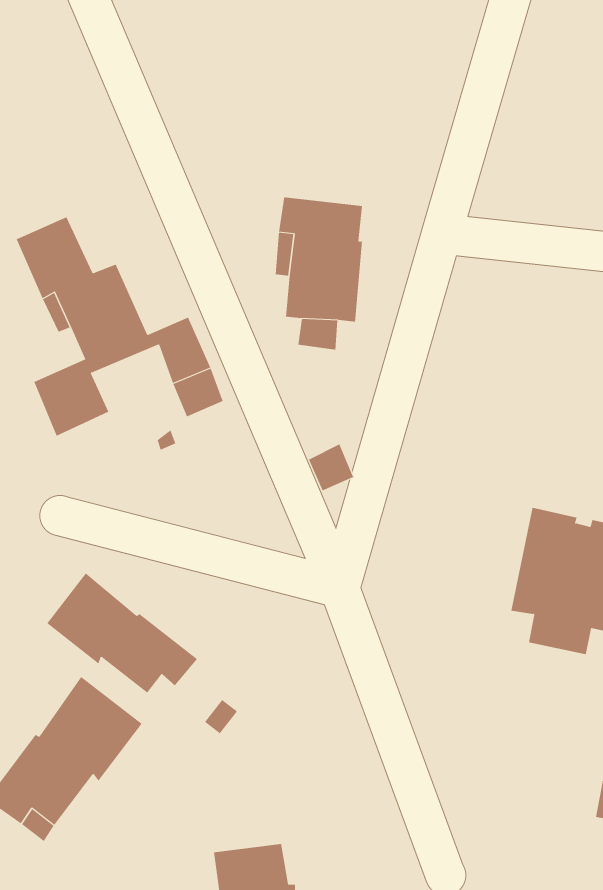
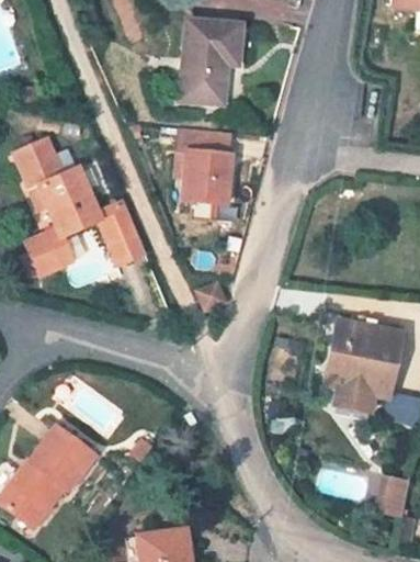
building: none -> [181,21,242,105]
building: [46,572,198,694] -> none

